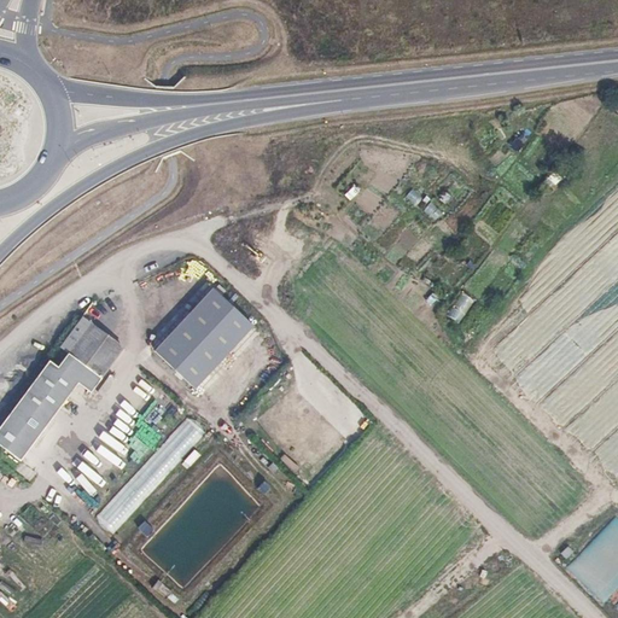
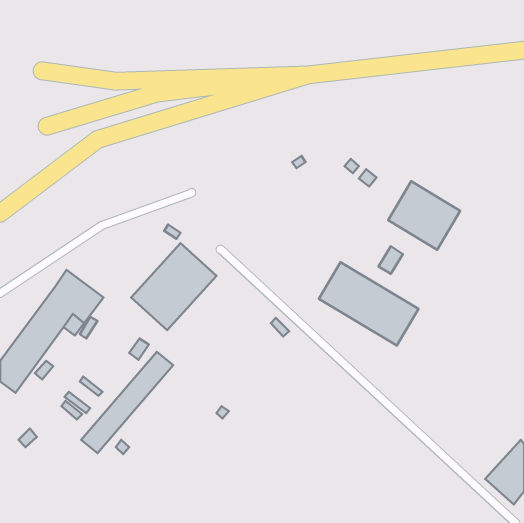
building: none -> [388,181,460,250]
building: none -> [319,262,419,346]

